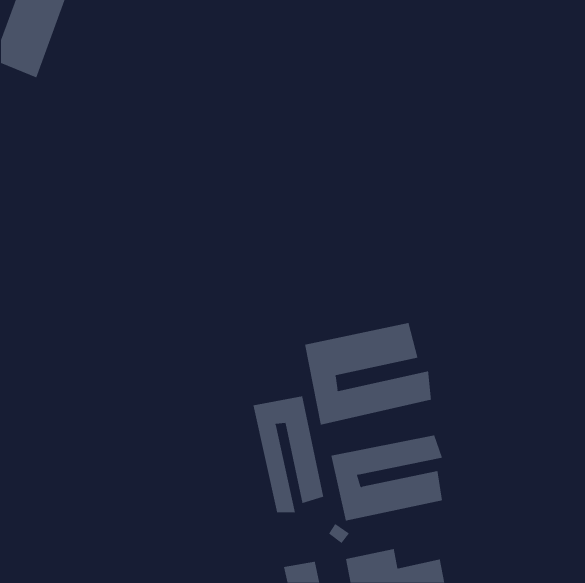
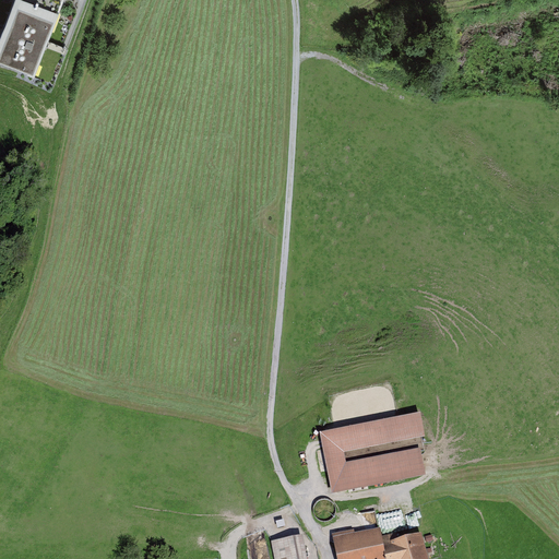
building: [305,322,431,425] -> none
building: [253,396,324,513] -> none

